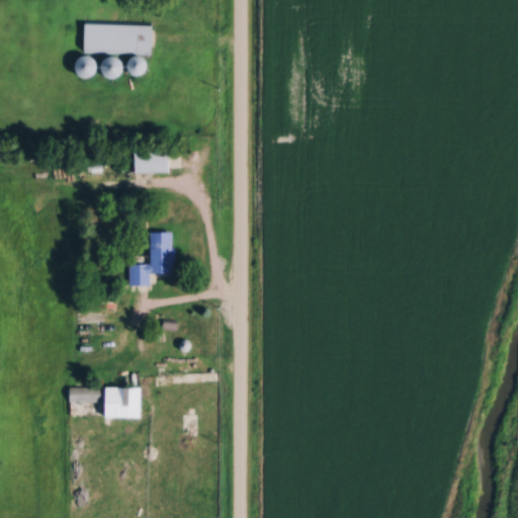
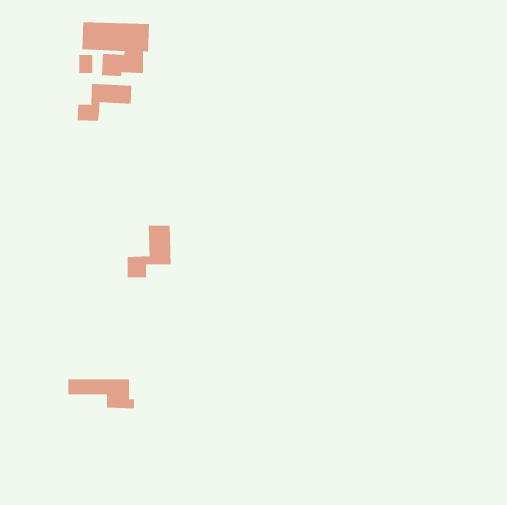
building: none -> [77,83,132,122]
building: [135,150,170,173] -> none

